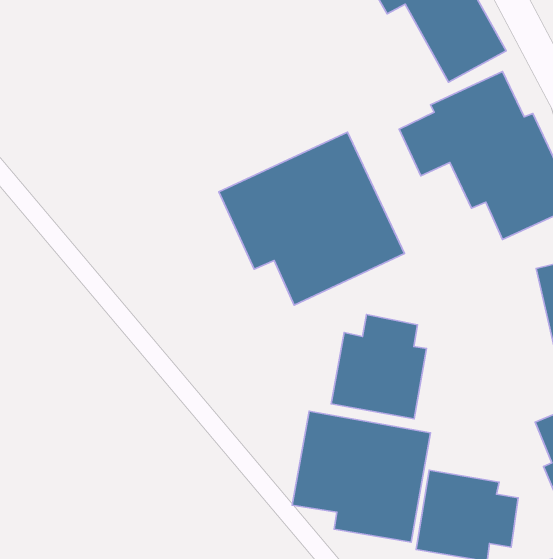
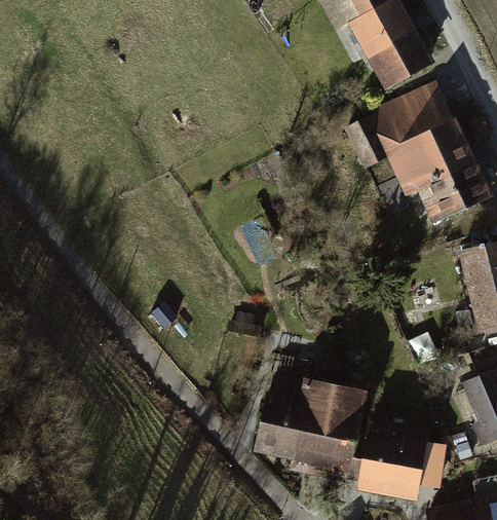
building: [219,132,404,305] -> none
building: [331,315,426,419] -> none

